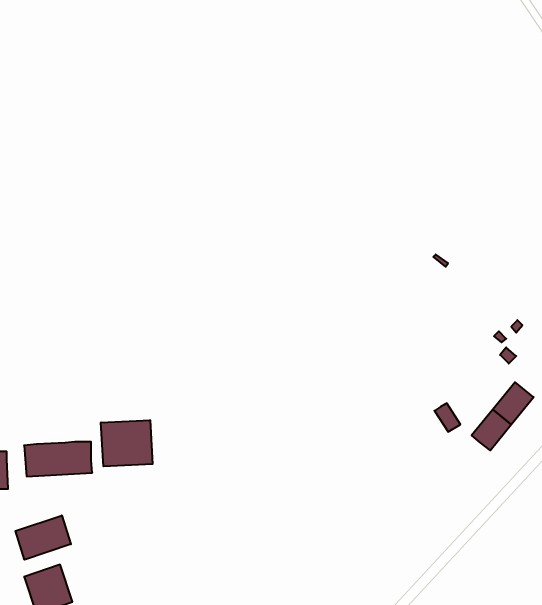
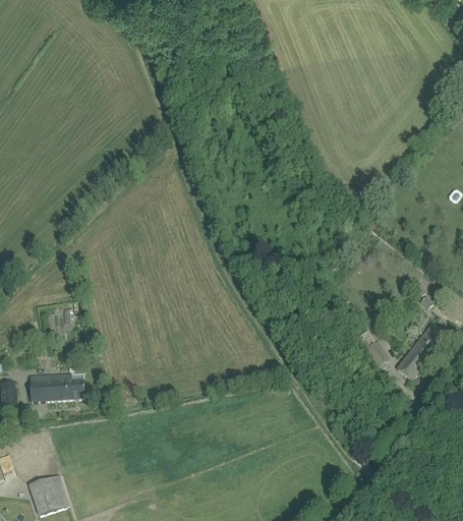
building: [101,420,153,466] -> none
building: [15,515,71,560] -> none

